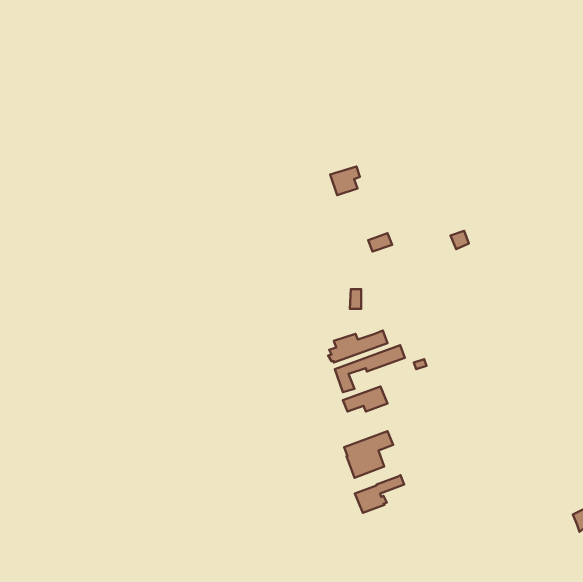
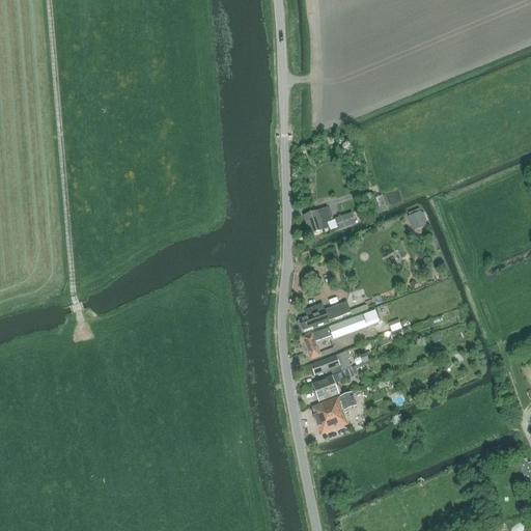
building: [330,167,360,195] -> [305,206,332,232]
building: [355,475,404,513] -> [313,365,358,399]

